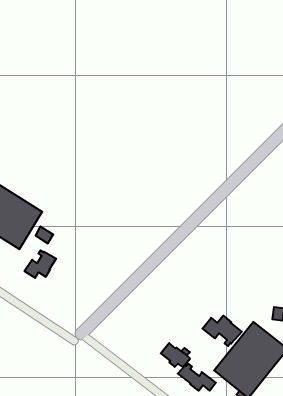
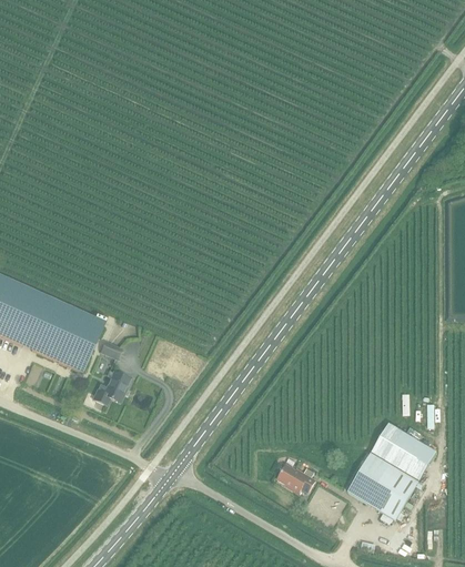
building: [202,316,242,346] -> none
building: [178,363,216,391] -> none

